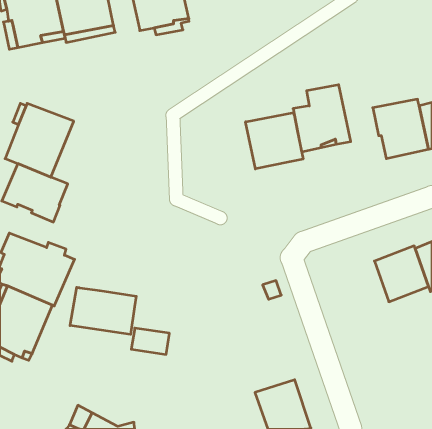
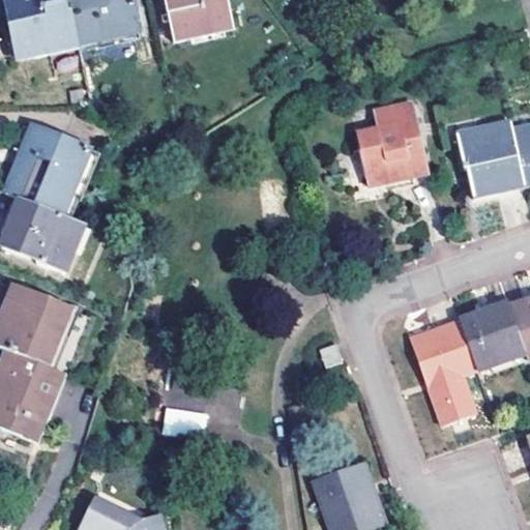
building: [246,113,303,169] -> none
building: none -> [409,319,476,423]
building: [70,287,136,334] -> none

